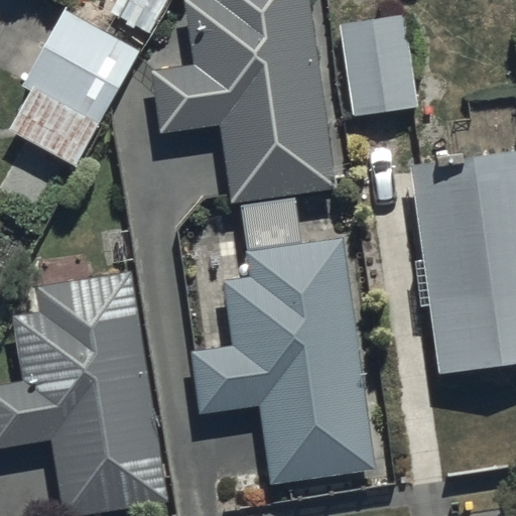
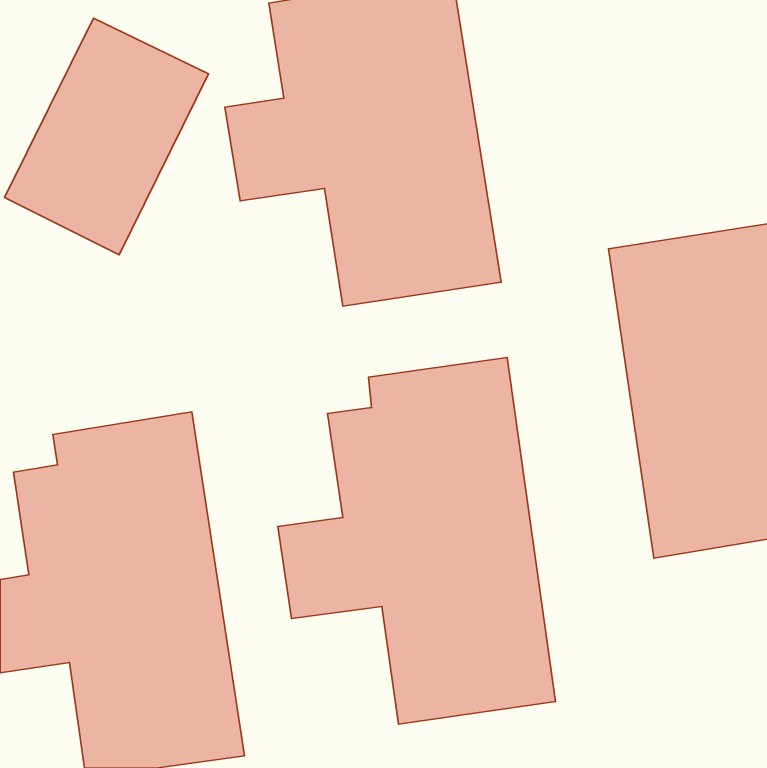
building: [340,12,419,115] -> none

